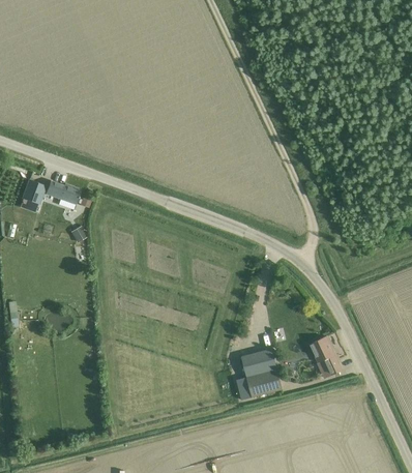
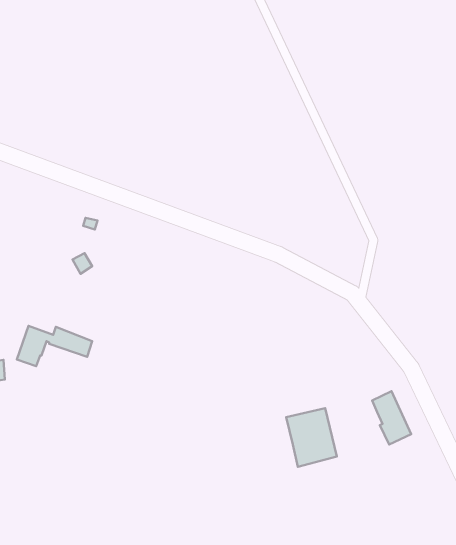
building: [19,179,79,211] -> [17,326,92,366]

